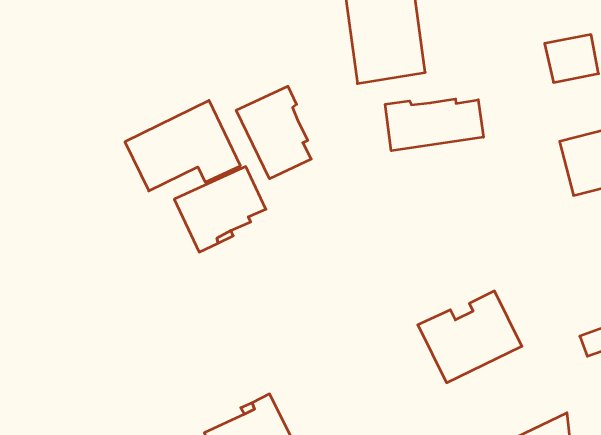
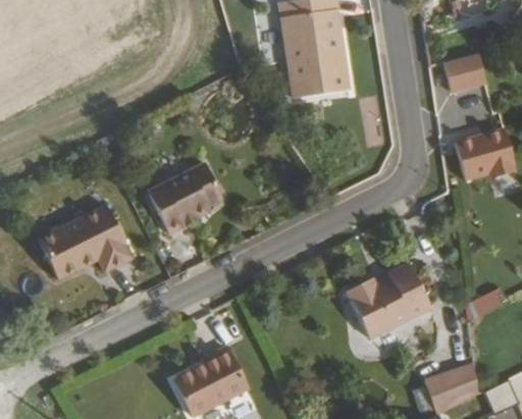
building: [236,86,311,179] -> none
building: [385,99,483,151] -> none
building: [125,100,240,191] -> [36,203,129,276]

